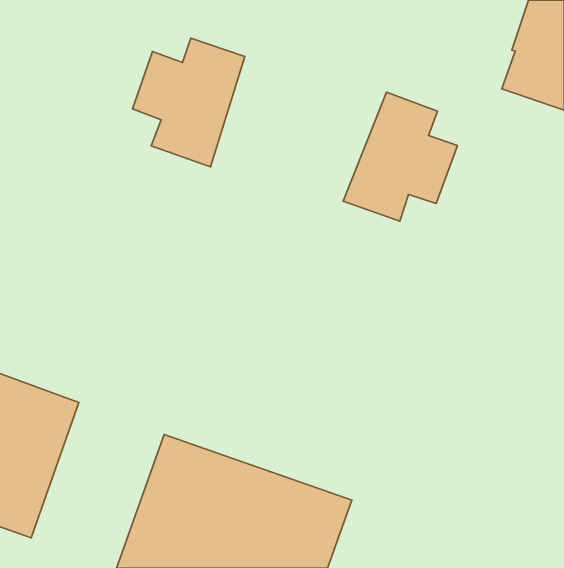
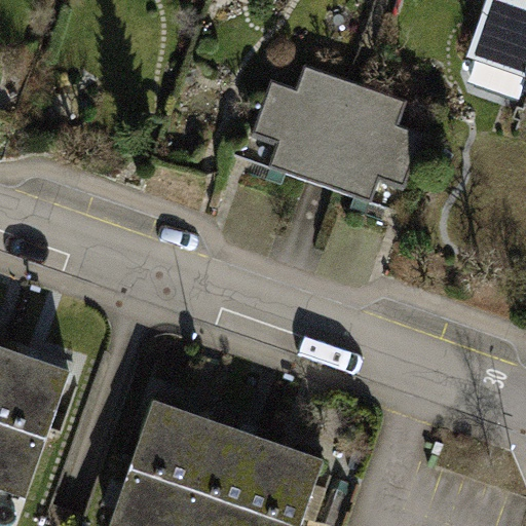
building: [133,38,245,167] -> none
building: none -> [251,67,358,186]

